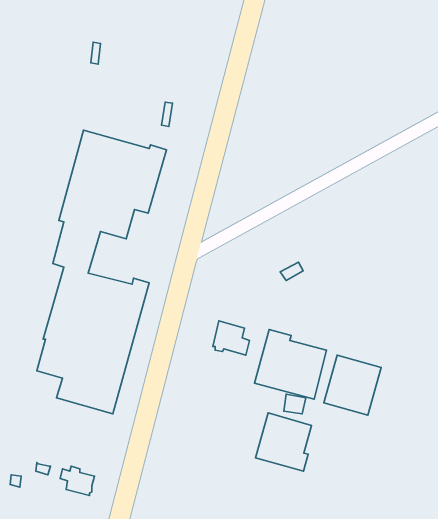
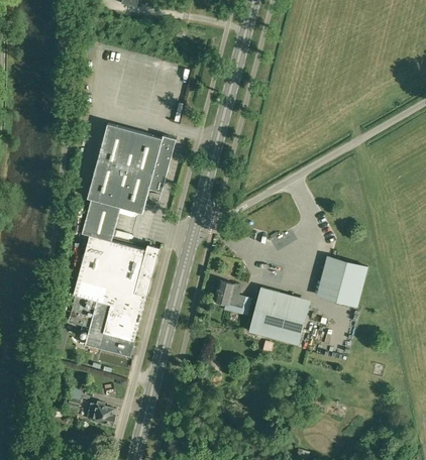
building: [324,355,381,415] -> [319,257,366,307]
building: [256,413,311,471] -> none

